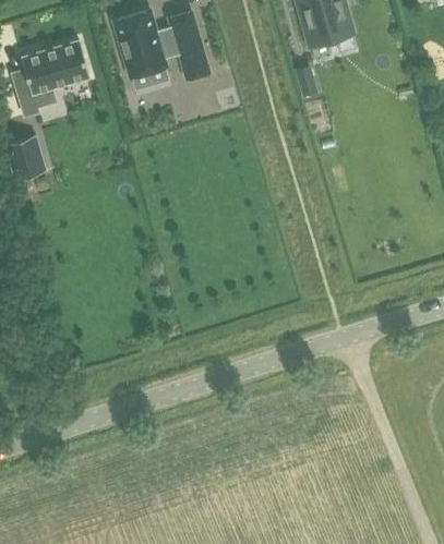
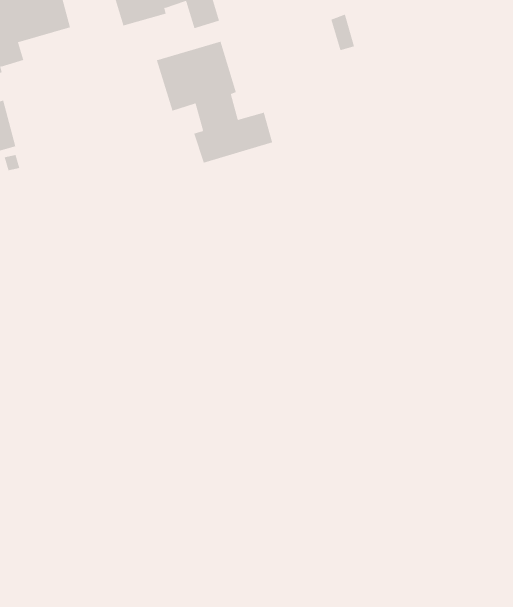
building: none -> [156,41,273,164]

